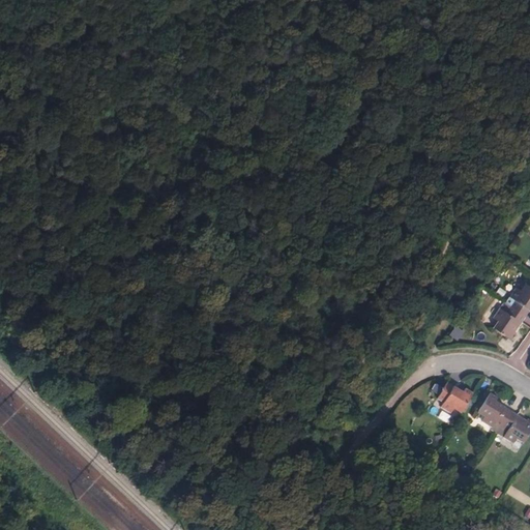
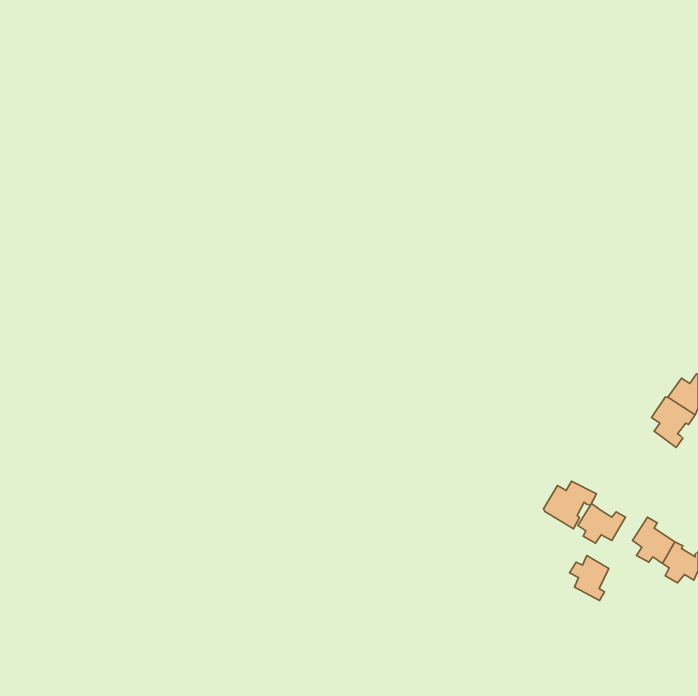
building: none -> [544,481,597,529]
building: none -> [570,555,609,600]

